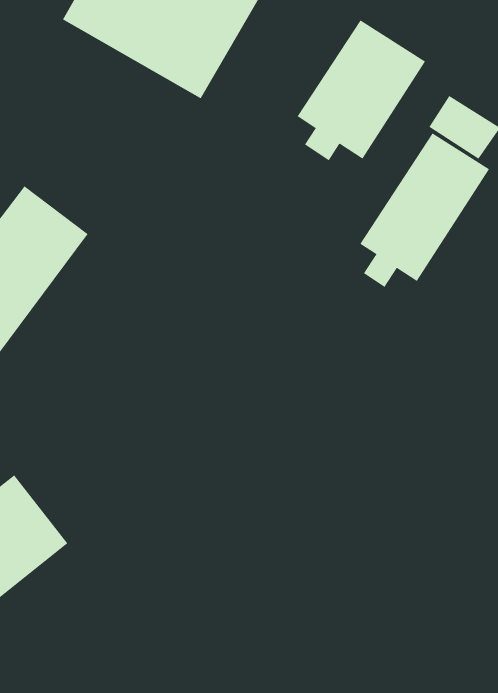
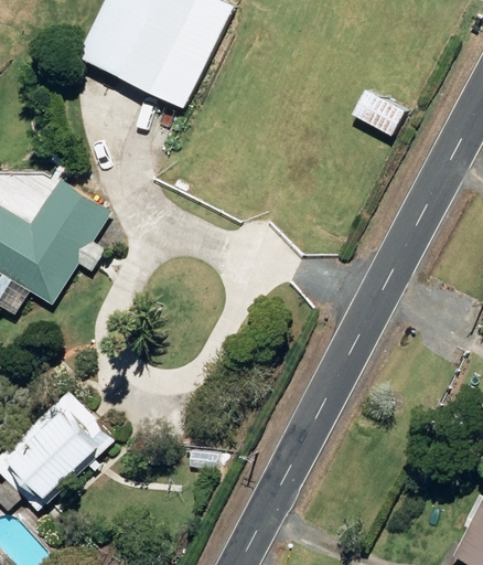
building: [297,19,426,161] -> none
building: [360,132,490,288] -> none

